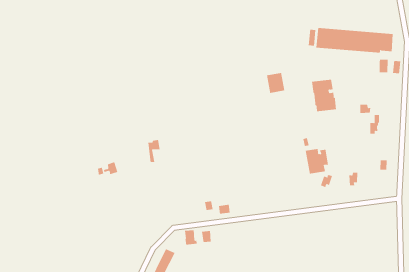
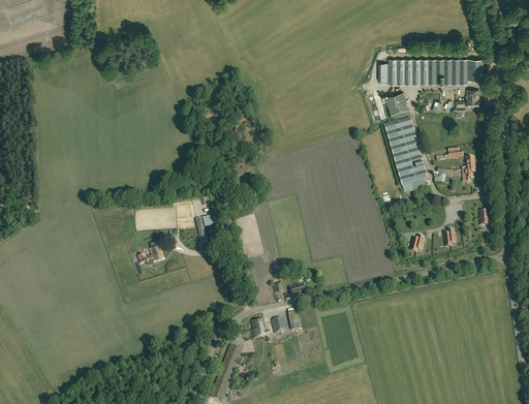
building: [266,72,285,93] -> [383,91,408,118]
building: [305,148,329,174] -> [397,159,428,191]

